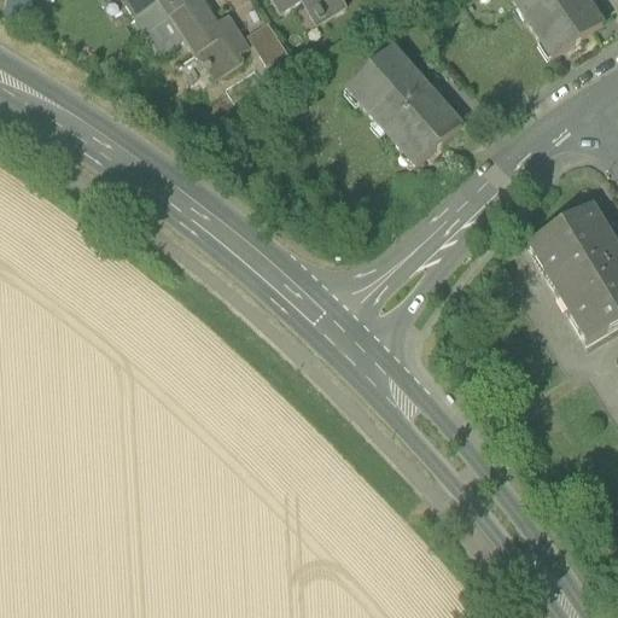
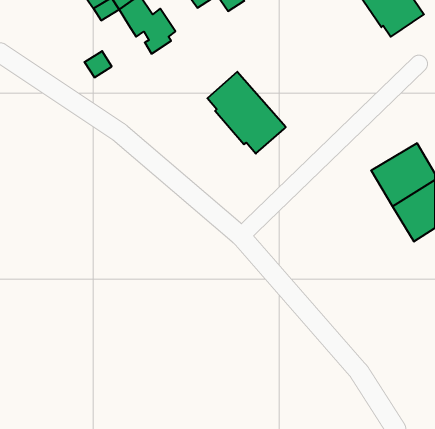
building: [144,13,182,51] -> [84,51,112,77]
building: [247,19,287,63] -> none
building: [349,45,460,161] -> [207,72,286,154]

